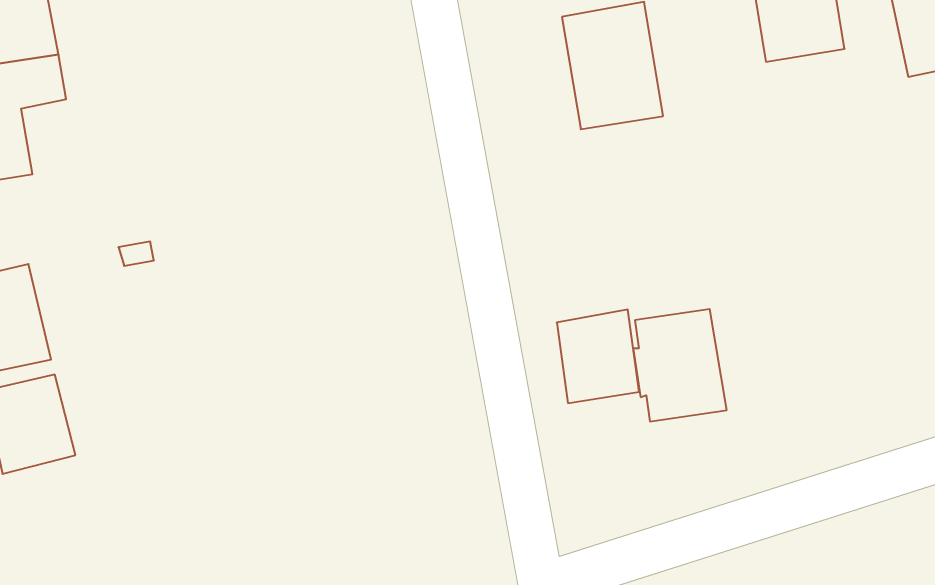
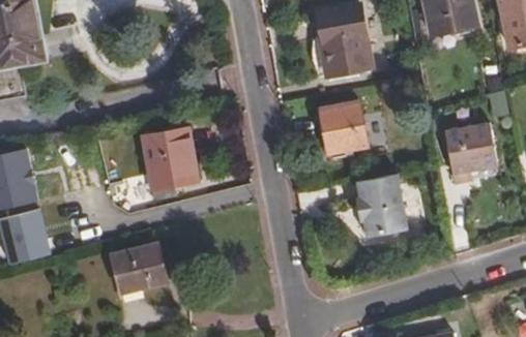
building: none -> [445,125,496,185]
building: none -> [136,128,194,190]
building: [557,309,639,403] -> [320,99,366,151]
building: none -> [109,245,164,295]

